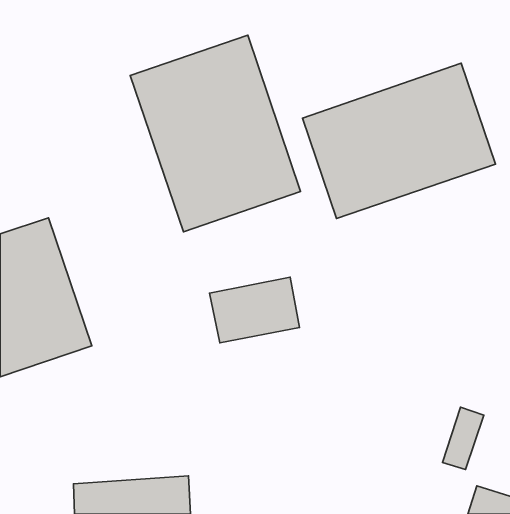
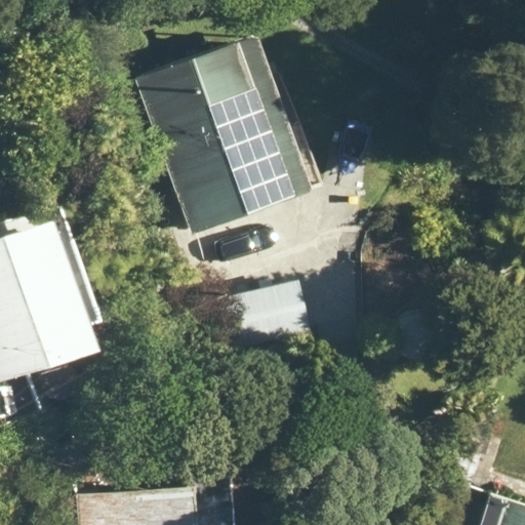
building: [302,63,496,219] -> none

